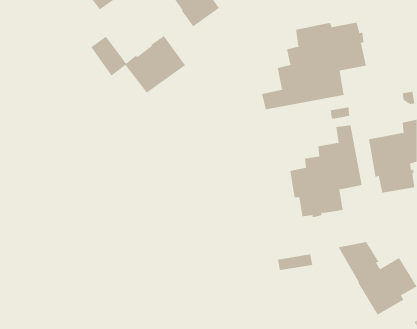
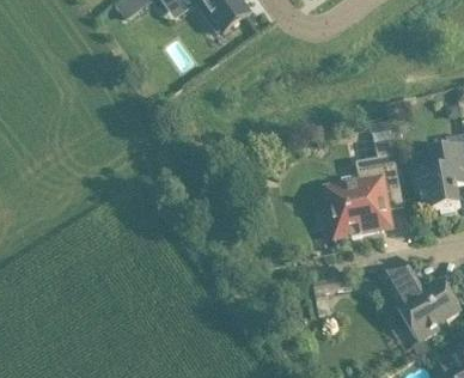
building: [262,22,366,110] -> none
building: [91,35,186,93] -> none

